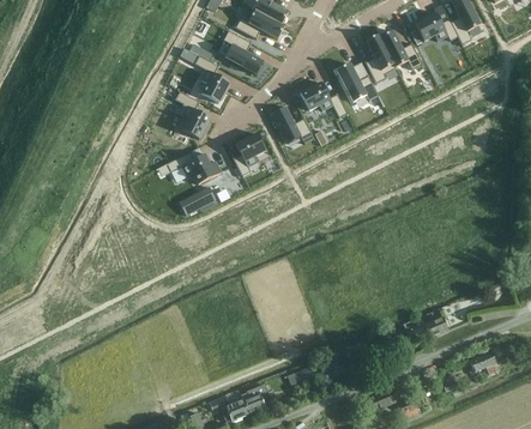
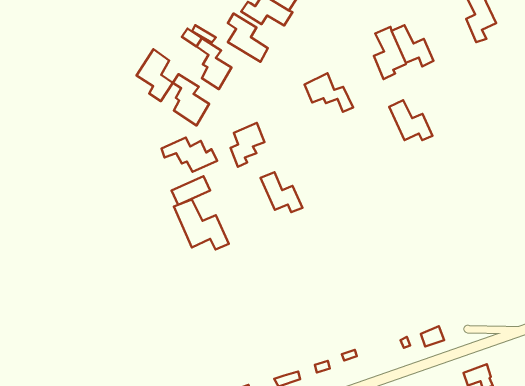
building: [415,12,461,44] -> none
building: [336,64,379,102] -> [389,100,432,140]
building: none -> [136,49,173,101]
building: [272,107,314,144] -> [261,172,303,212]
building: none -> [174,199,229,250]

